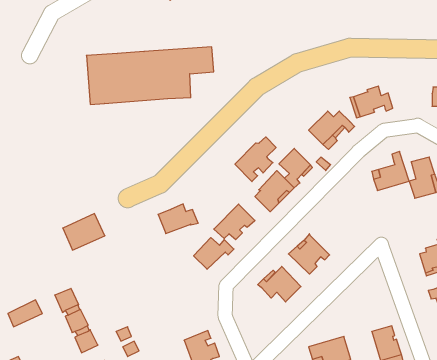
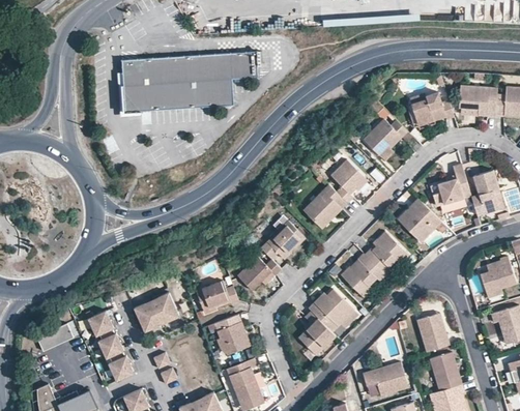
building: none -> [458,85,496,117]
building: [235,137,276,182] -> none
building: none -> [397,199,441,242]
building: [158,204,198,234] -> [195,280,238,312]
building: [63,214,105,250] -> [134,293,179,332]
building: none -> [364,231,406,275]
building: none -> [298,311,336,355]
building: none -> [417,314,450,351]
building: none -> [211,315,249,353]

